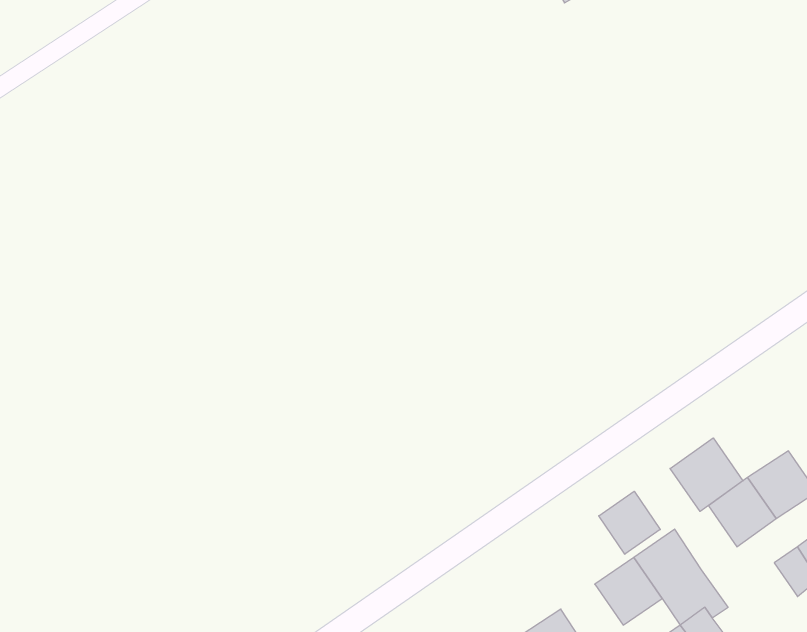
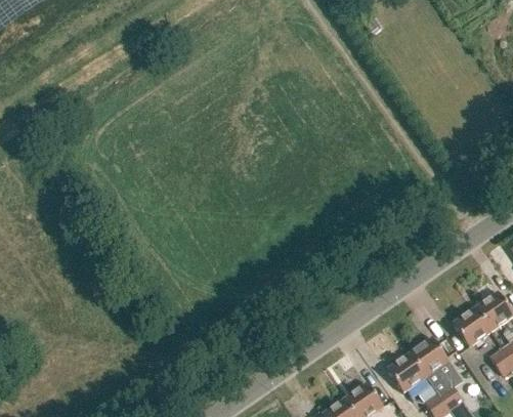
building: [670,438,743,511] -> none
building: [599,491,660,554] -> none

